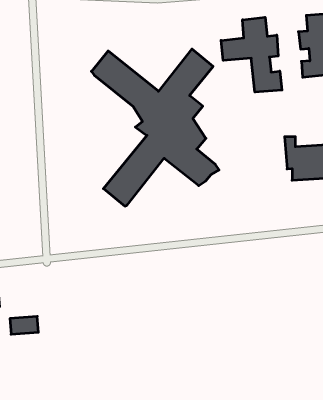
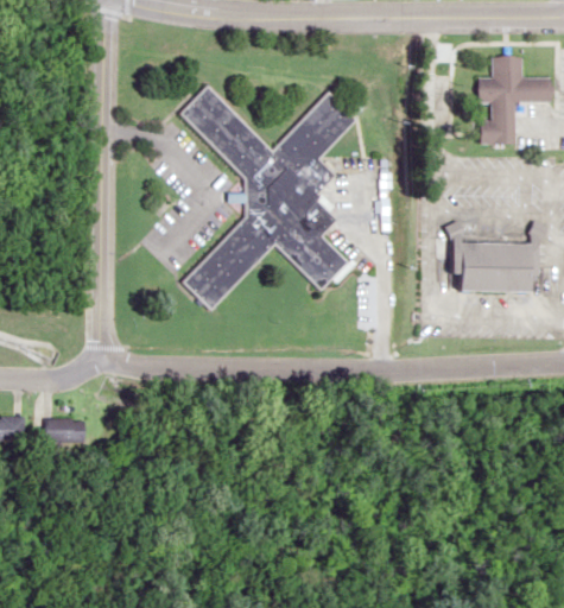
building: [221,17,282,92] -> none
building: [10,316,38,334] -> [46,419,85,442]

